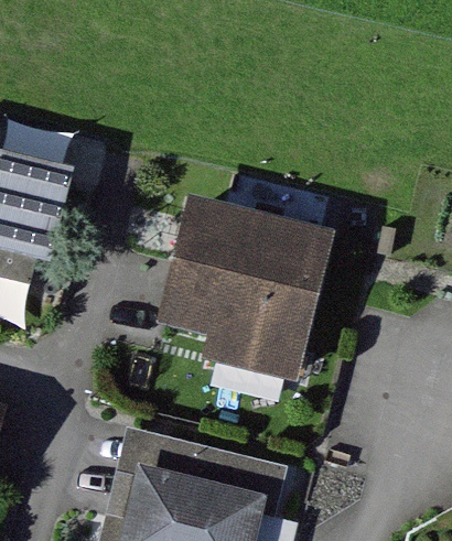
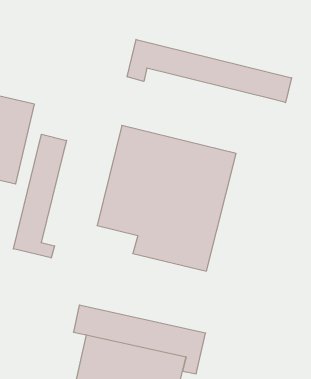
building: none -> [127,39,292,103]
building: none -> [13,134,67,258]

